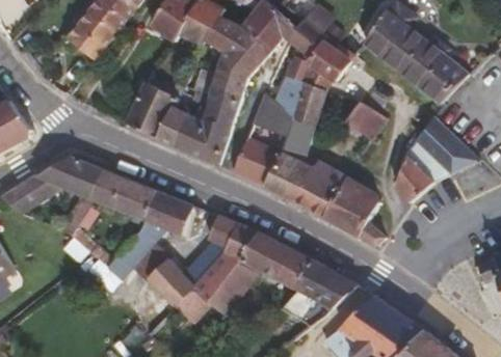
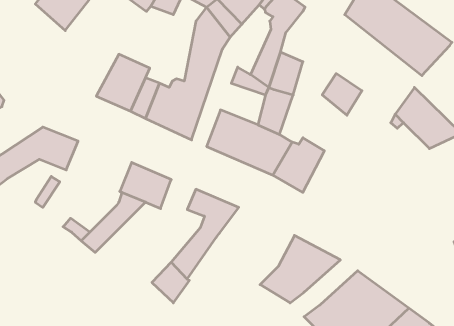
building: [302,43,353,91] -> none
building: [394,156,433,203] -> none
building: [95,168,158,217] -> none
building: [324,177,386,247] -> none
building: [243,232,316,290] -> none
building: [152,256,196,305] -> none
building: [212,262,260,317] -> none

